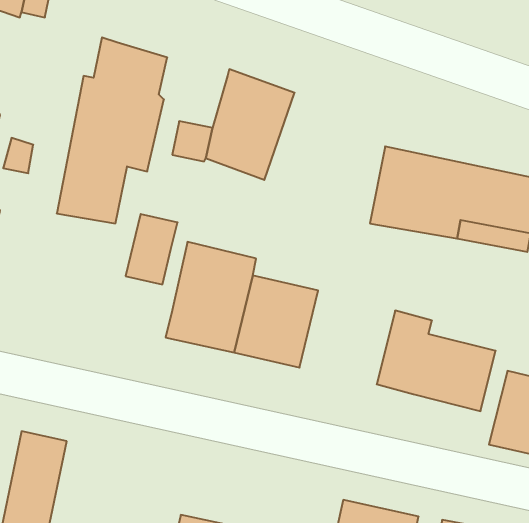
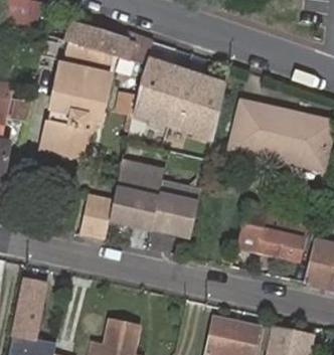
building: none -> [79,25,153,61]
building: none -> [168,71,224,139]
building: [126,214,178,284] -> [81,197,113,239]

